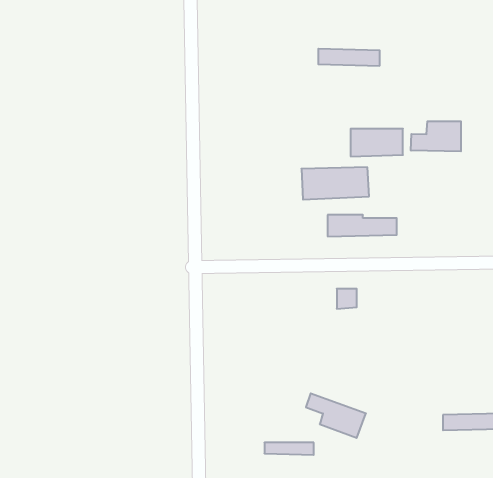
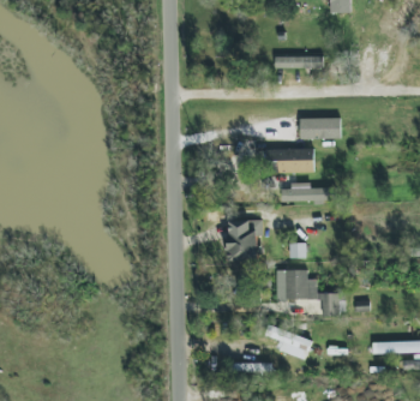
building: [411,121,461,151] -> none
building: none -> [228,220,263,261]
building: none -> [276,270,344,315]

